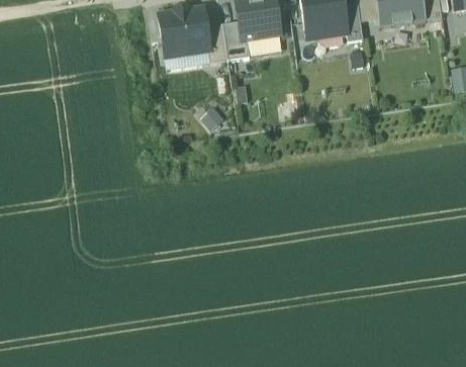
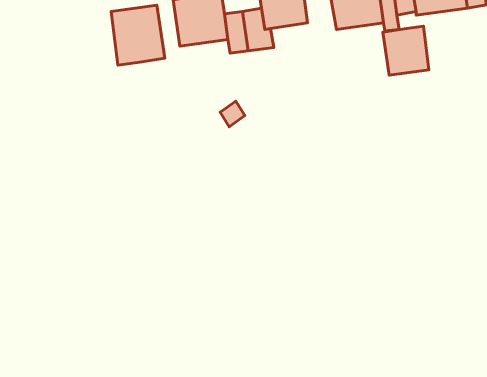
building: none -> [111,5,165,65]
building: none -> [383,26,429,75]

